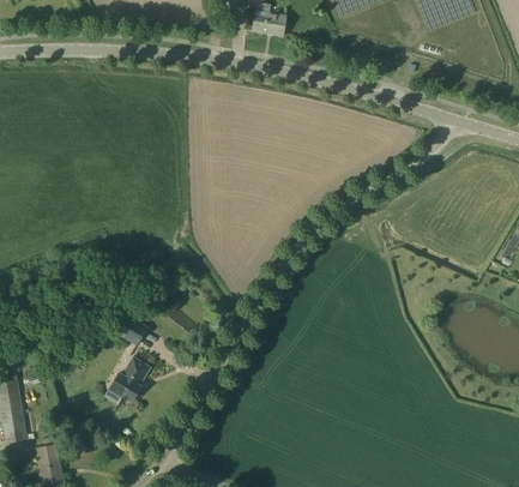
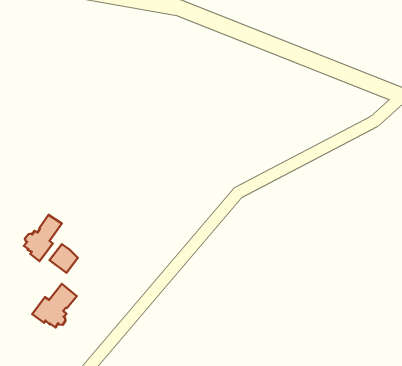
building: none -> [24,215,62,261]

